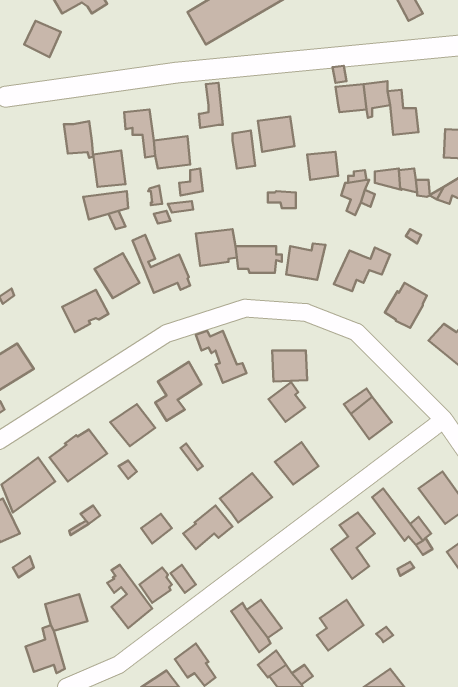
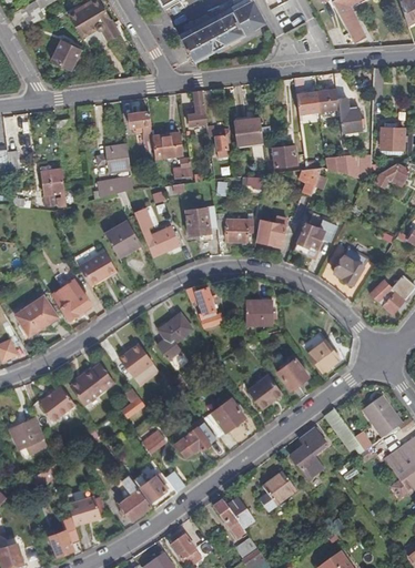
building: [64,121,93,158] -> [41,169,64,197]
building: none -> [53,281,91,318]
building: [269,382,305,422] -> [277,358,306,389]
building: [317,600,363,651] -> [257,471,294,511]

